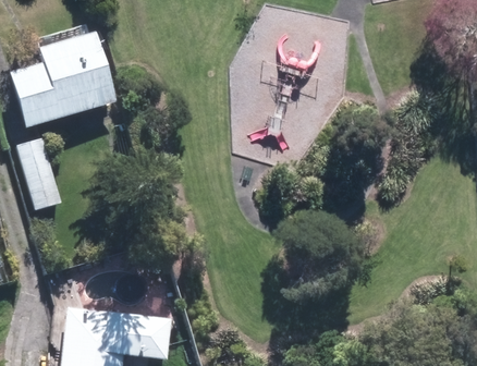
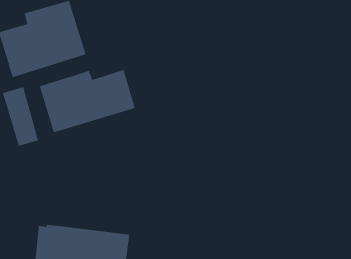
building: none -> [39,69,136,133]

